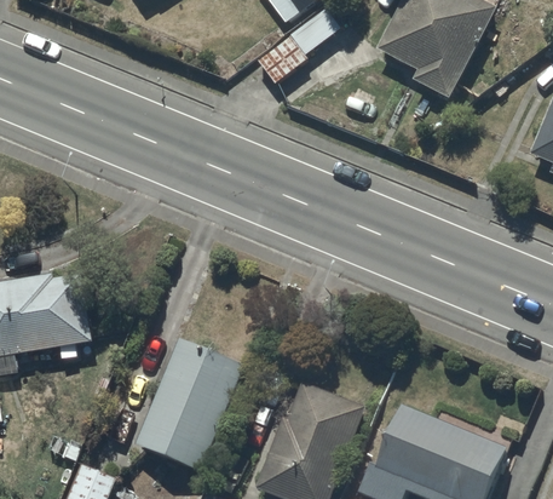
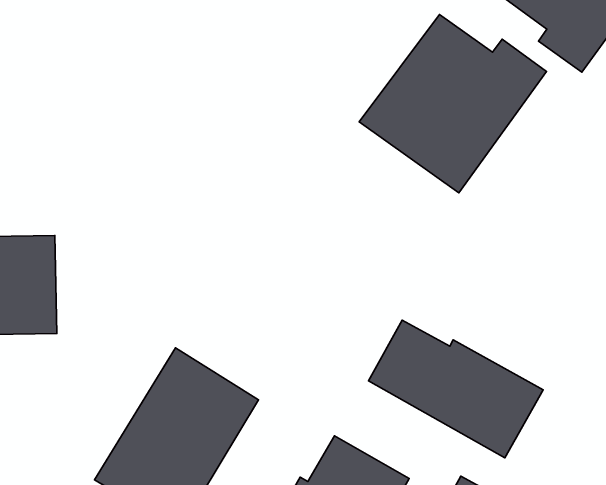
building: none -> [359,14,547,193]
building: none -> [369,320,543,458]

